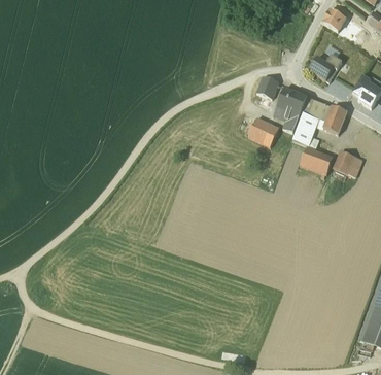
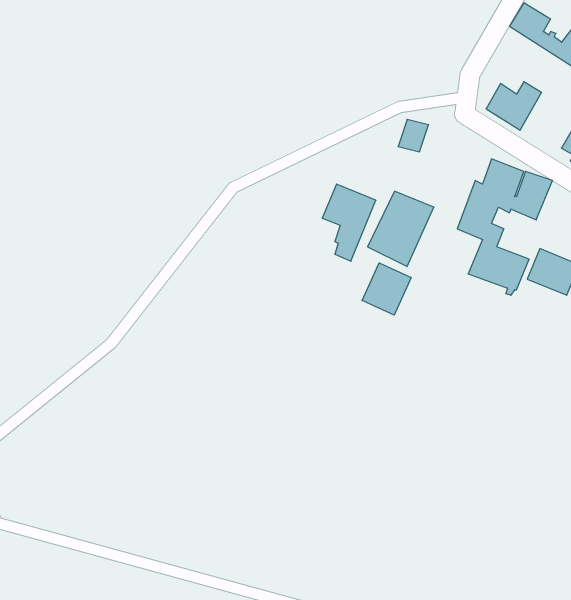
building: [276,88,307,132] -> [322,184,376,261]
building: none -> [362,263,411,315]

